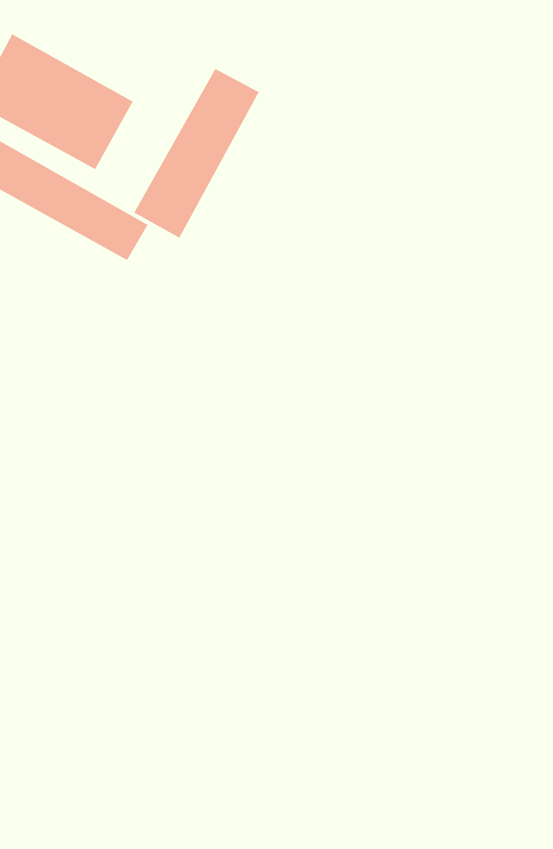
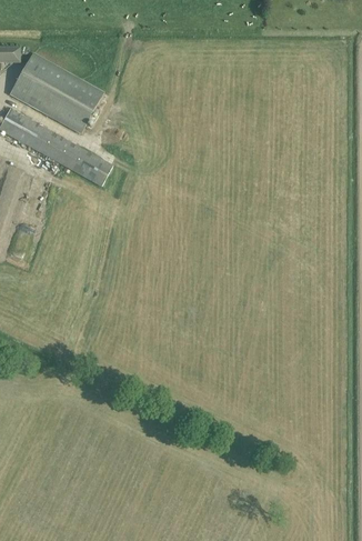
building: [134,68,260,238] -> none

